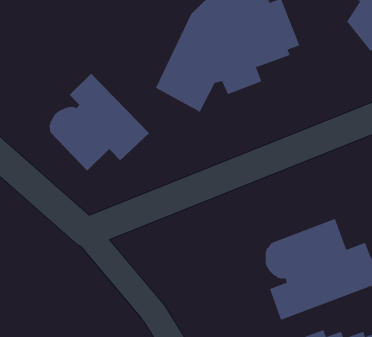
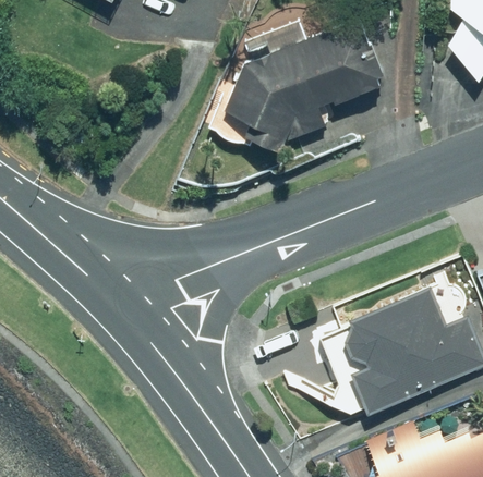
building: [49,73,150,172] -> none

